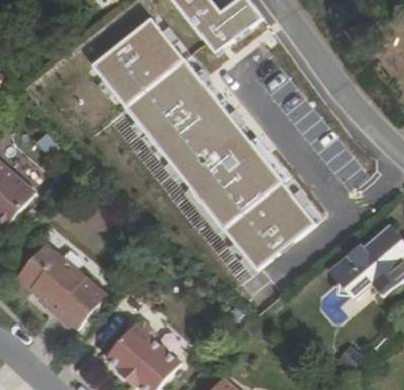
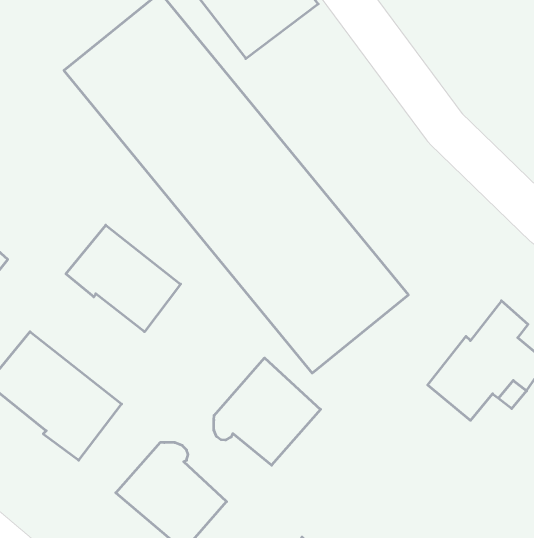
building: none -> [66,225,181,332]
building: none -> [214,358,321,465]

